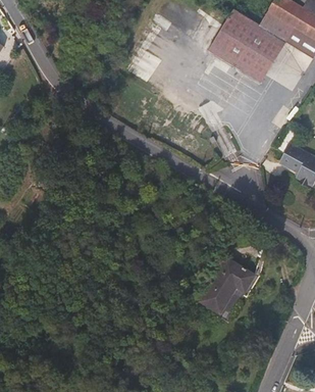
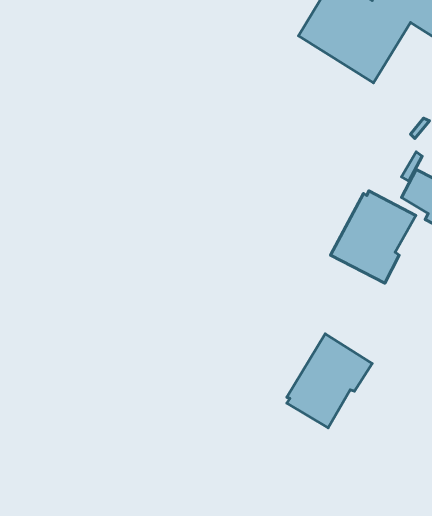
building: none -> [331,191,416,283]

